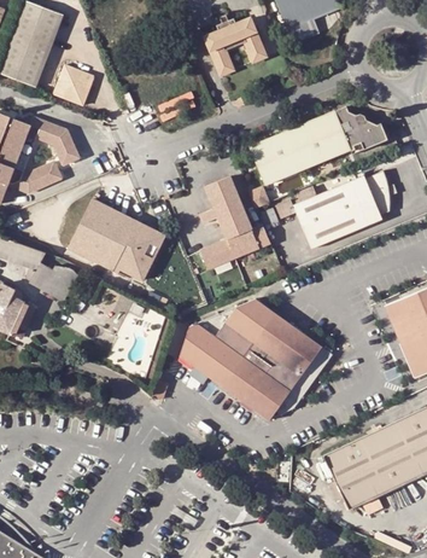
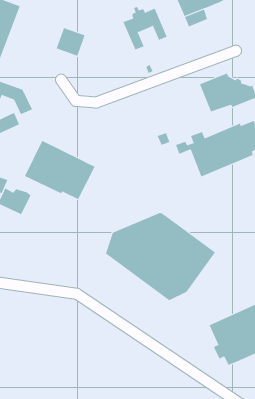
building: [53,64,94,104] -> [56,27,86,56]
building: [248,122,323,185] -> none
building: [200,176,270,269] -> none

